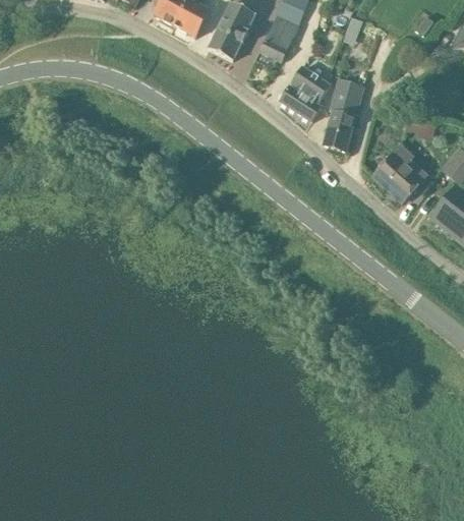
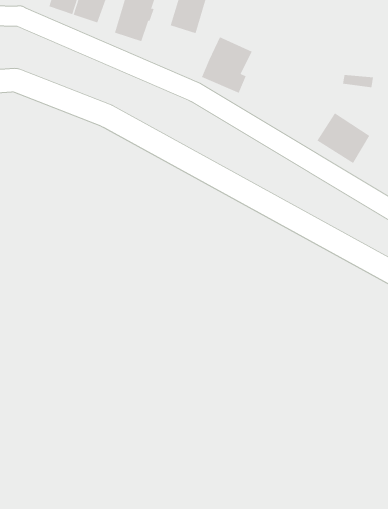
building: [324,79,362,150] -> none

